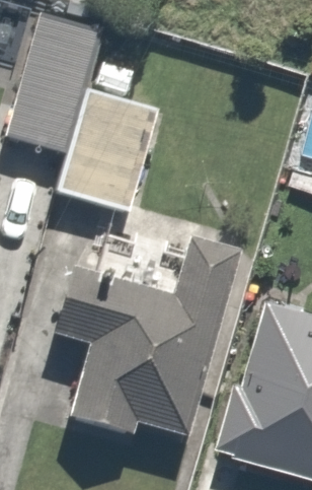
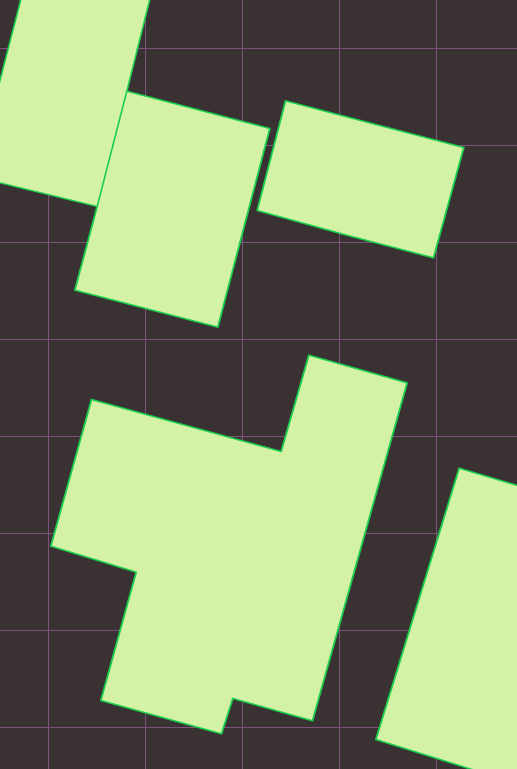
building: none -> [257,101,464,258]

